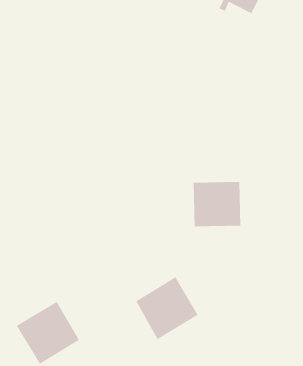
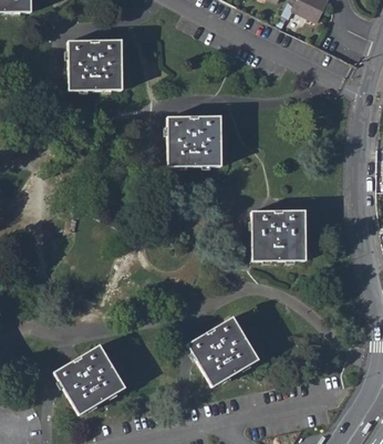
building: none -> [68,41,122,92]
building: none -> [167,116,221,167]

